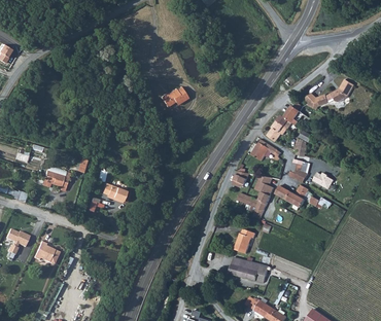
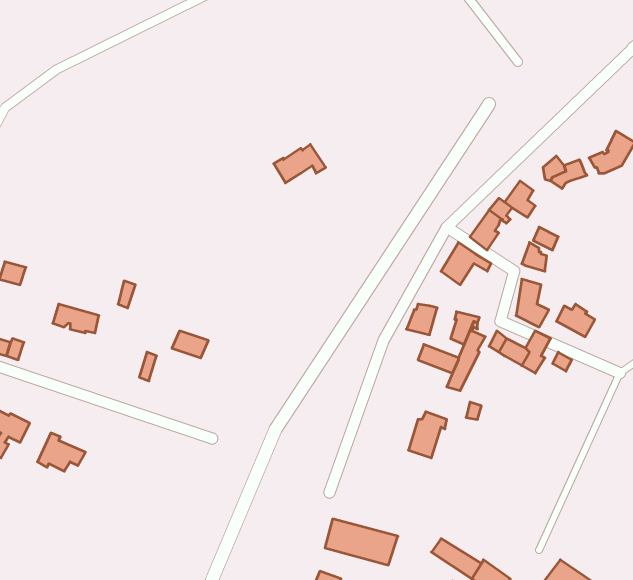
building: [229,257,268,282] -> [325,519,398,565]

